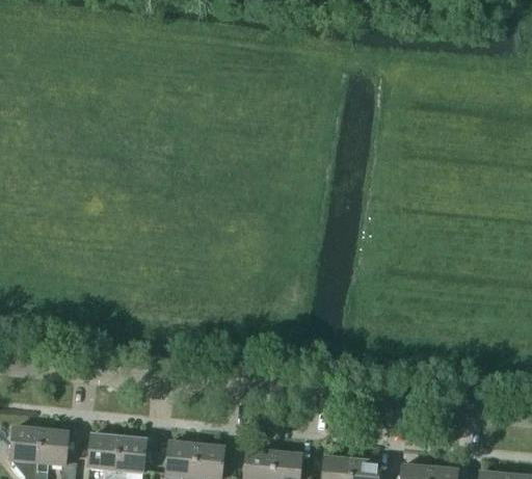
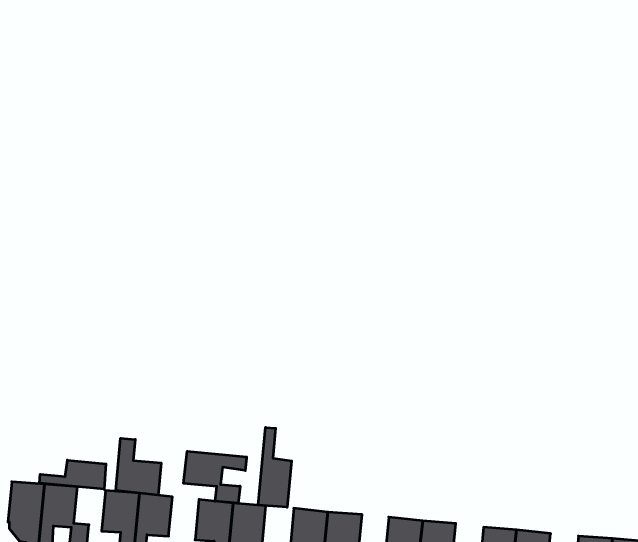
building: none -> [258,427,292,507]
building: none -> [116,438,161,495]
building: none -> [184,451,247,503]
building: none -> [40,460,106,489]

